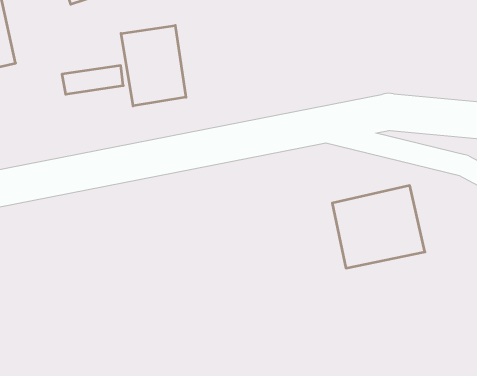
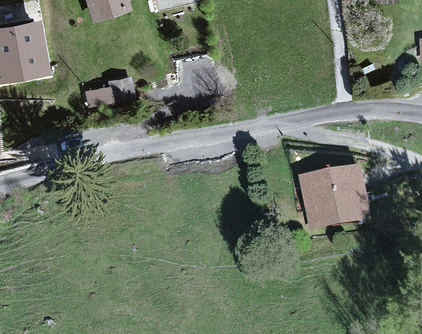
building: [121,25,186,106] -> none

